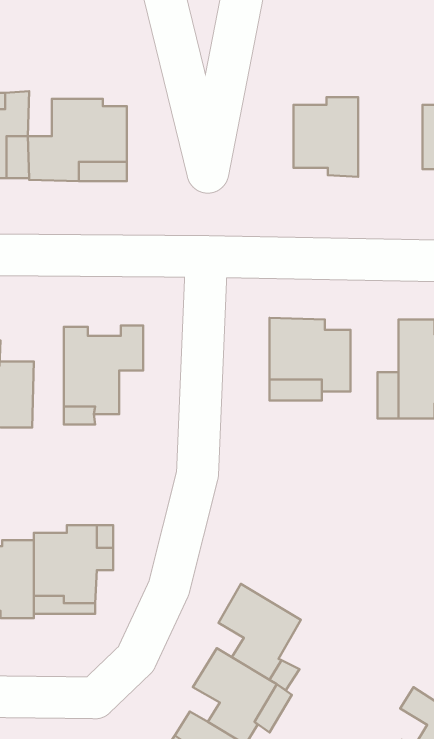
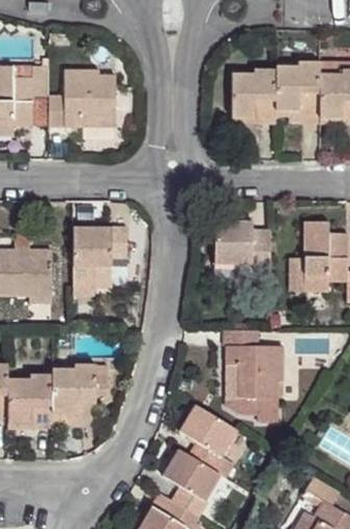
building: none -> [275,62,320,116]
building: none -> [224,331,283,420]

